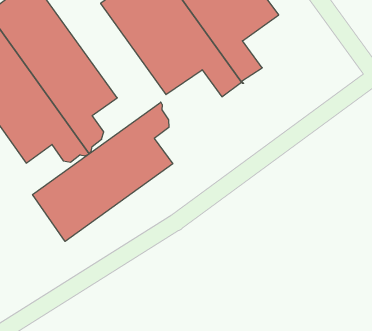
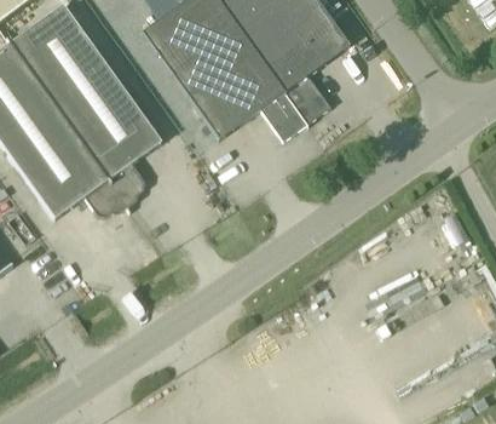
building: [33,102,173,241] -> none

